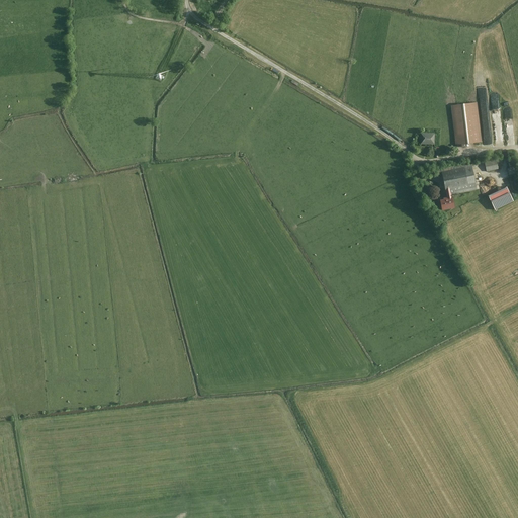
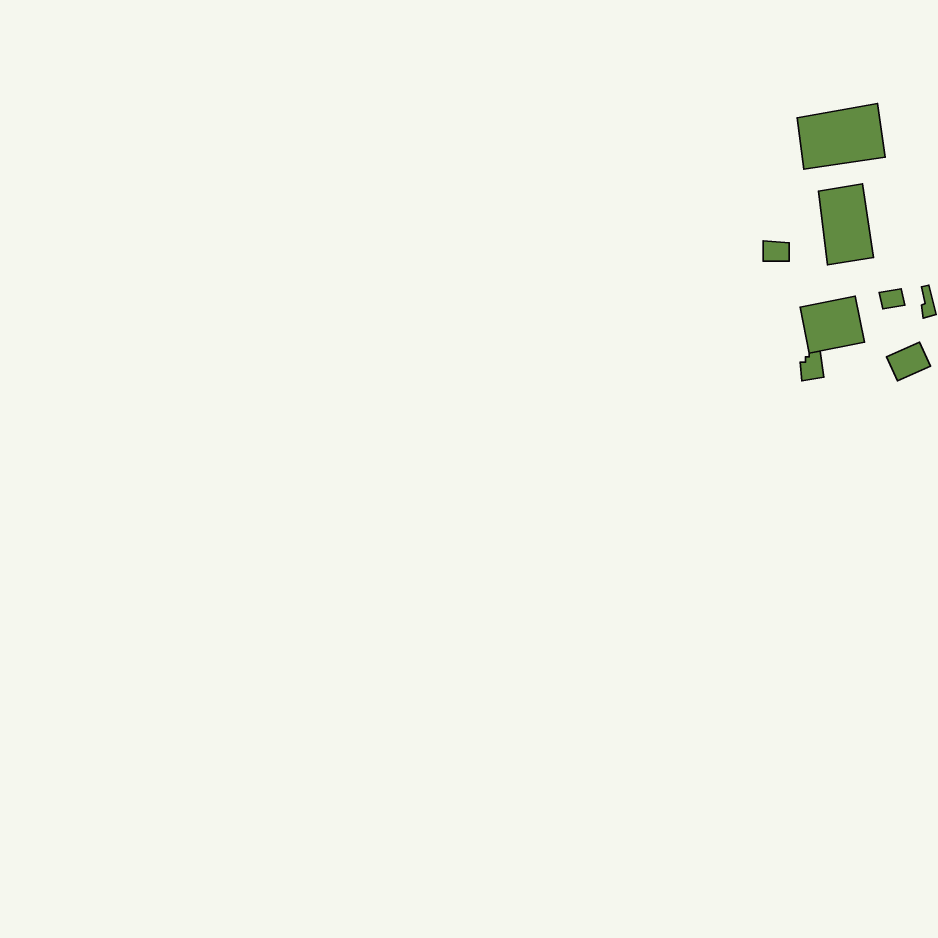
building: none -> [797,104,885,169]

